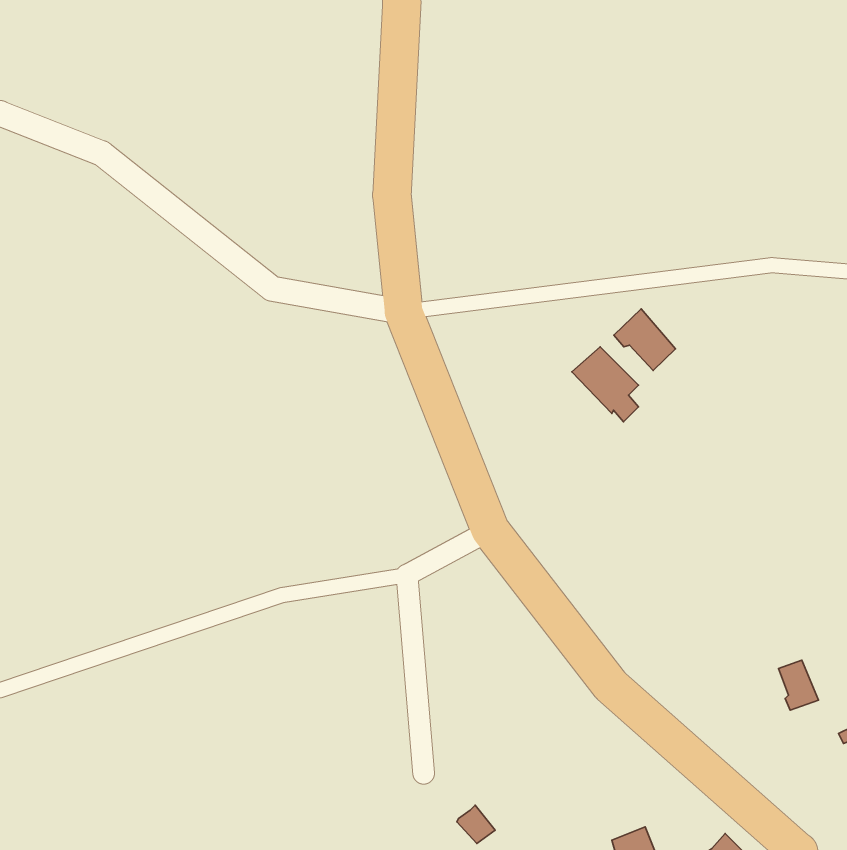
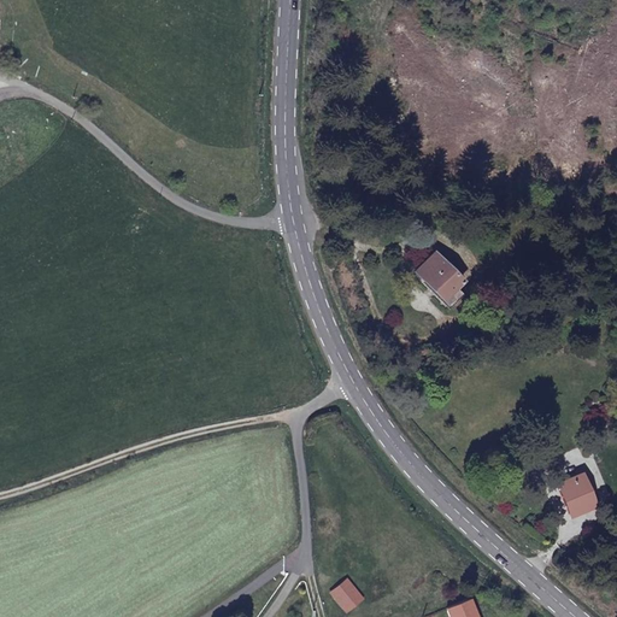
building: [614,309,676,370] -> none

